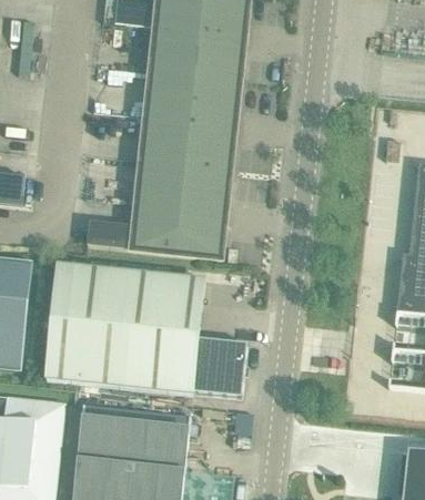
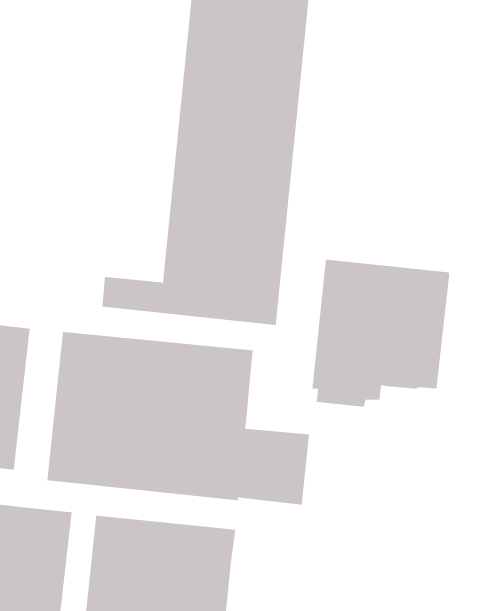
building: none -> [312,259,450,407]

